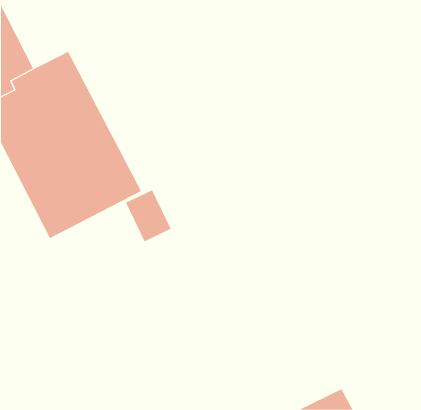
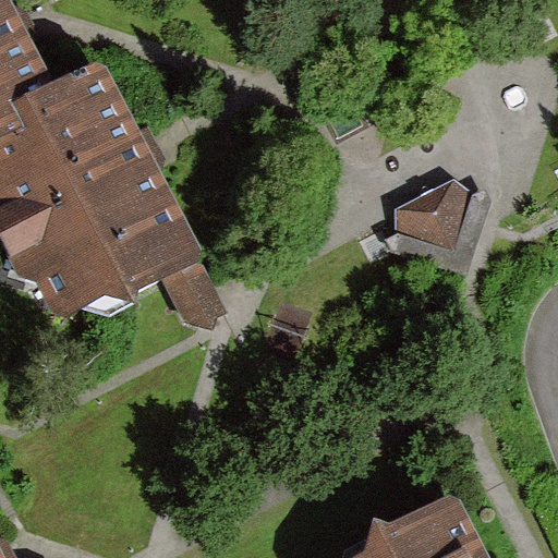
building: none -> [396,168,486,258]

